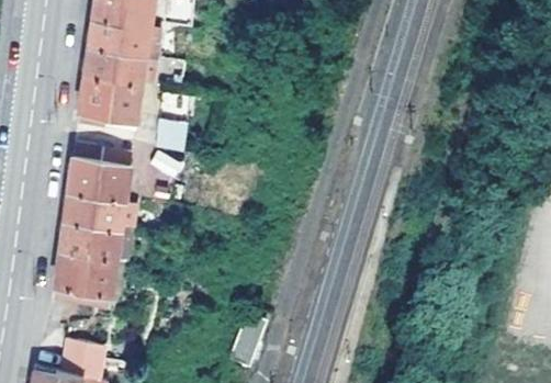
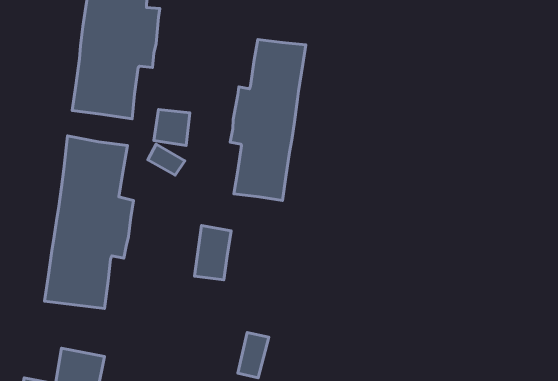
building: none -> [230,40,306,201]
building: none -> [194,225,231,280]

